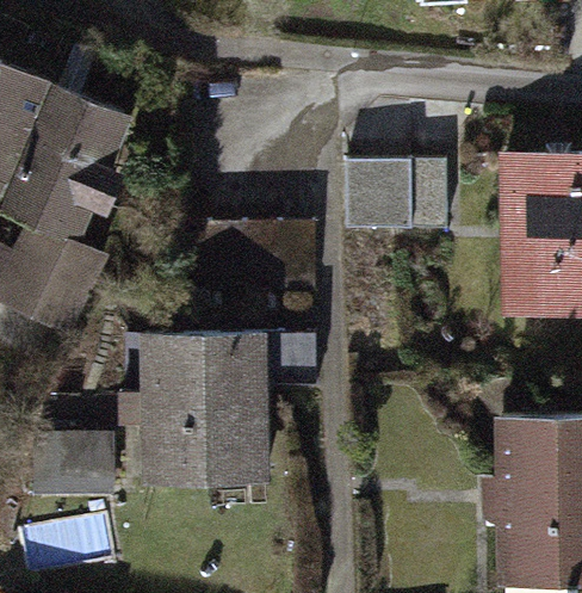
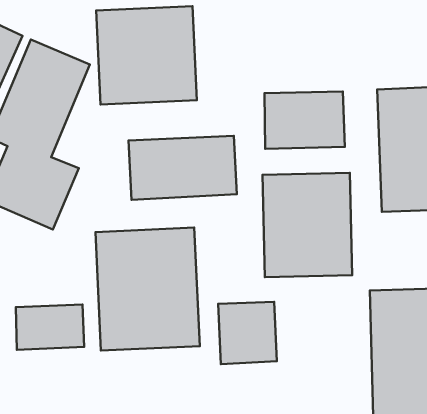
building: none -> [96,6,197,105]
building: none -> [262,173,352,277]
building: none -> [218,302,277,364]

